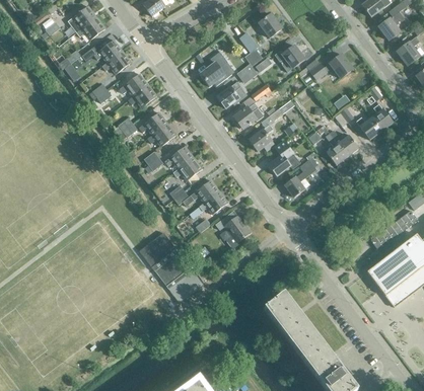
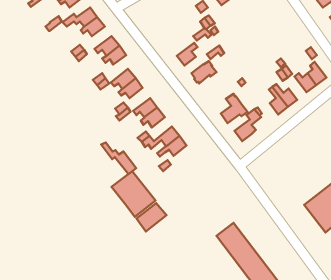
building: [274,45,304,72] -> none
building: [200,52,230,86] -> none
building: [298,53,352,79] -> none
building: [249,98,295,150] -> none
building: none -> [101,143,136,174]
building: [214,209,251,247] -> none

